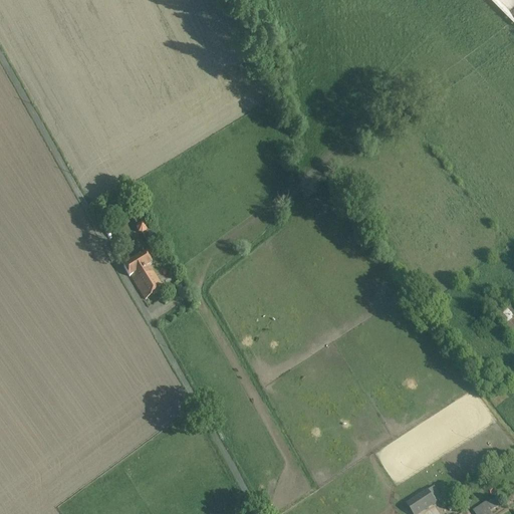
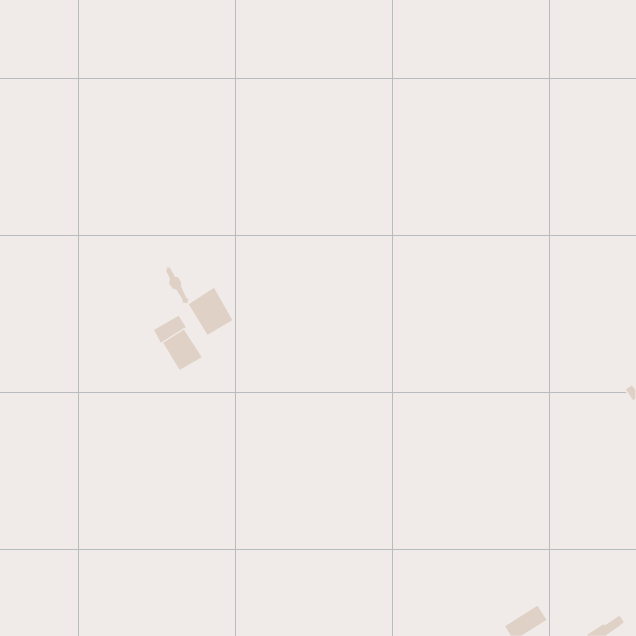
building: none -> [188,287,233,336]

